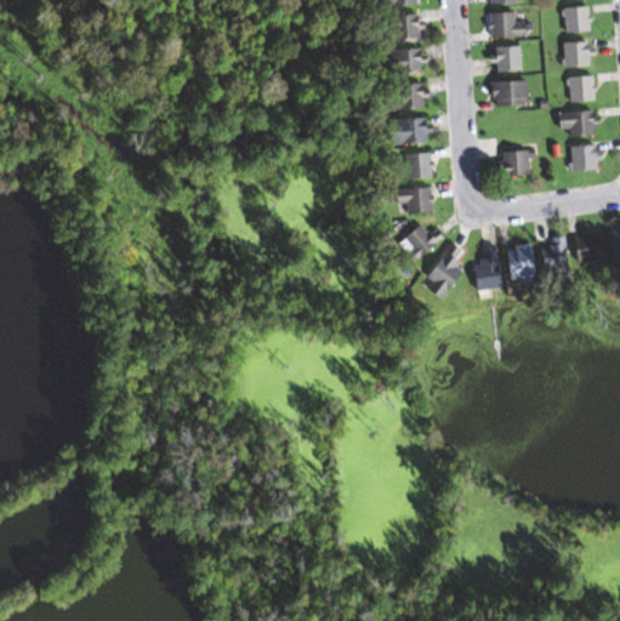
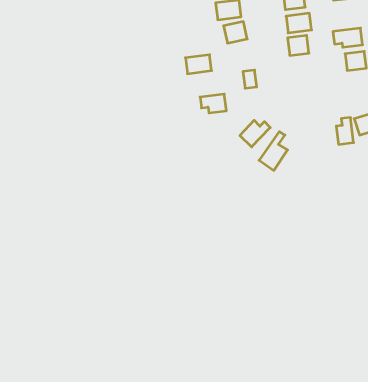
building: [567,76,593,99] -> none
building: [398,118,433,141] -> [185,55,212,74]
building: [499,149,527,175] -> [288,35,309,55]
building: [402,187,437,211] -> [200,94,226,113]
building: [480,246,499,287] -> none
building: [504,246,533,277] -> none

